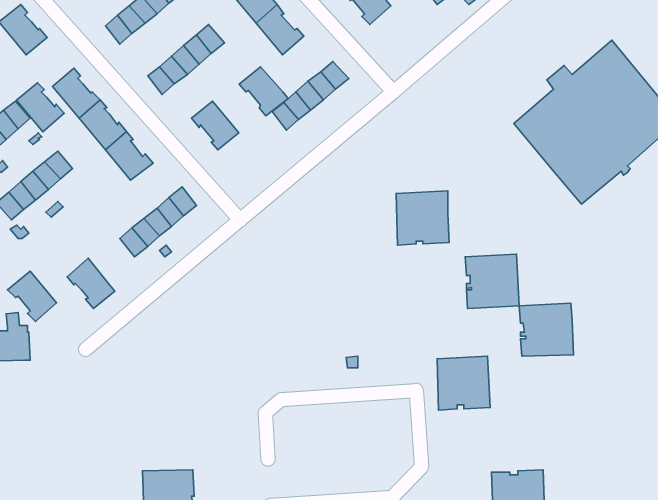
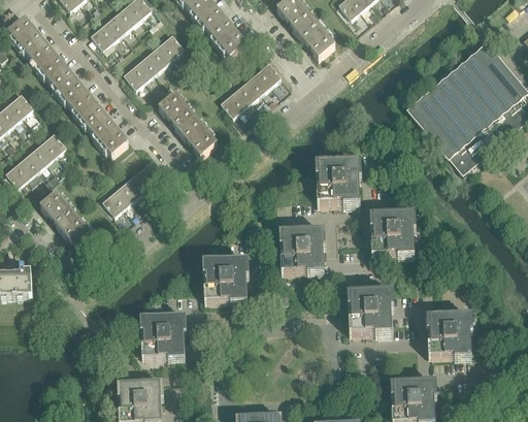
building: none -> [298,20,335,59]
building: [239,67,288,116] -> [179,119,218,157]
building: [16,83,64,132] -> [30,44,67,83]
building: [8,271,57,321] -> [40,192,78,231]
building: none -> [283,231,324,273]
building: [519,303,573,356] -> [429,316,471,357]
building: none -> [206,261,248,302]
building: none -> [143,316,185,358]

